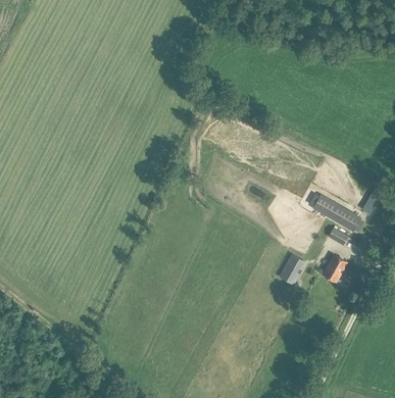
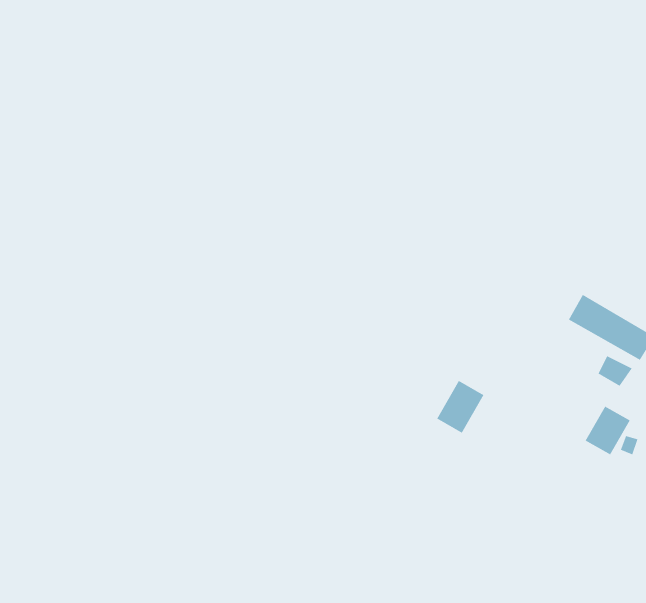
building: [280,254,306,284] -> [436,380,484,434]

